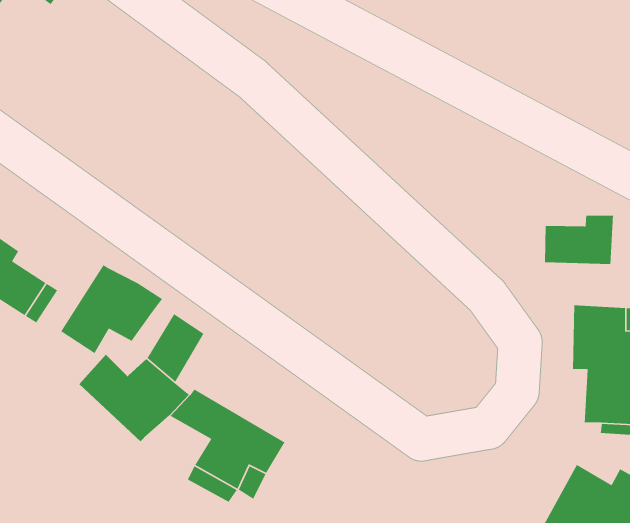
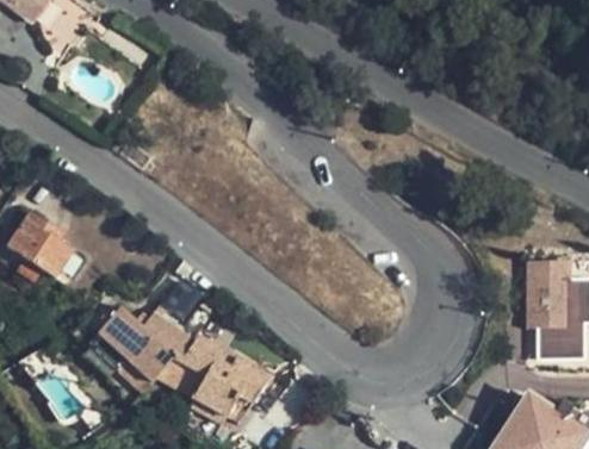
building: [544,215,614,265] -> none
building: [60,264,163,354] -> none
building: none -> [155,356,209,397]

